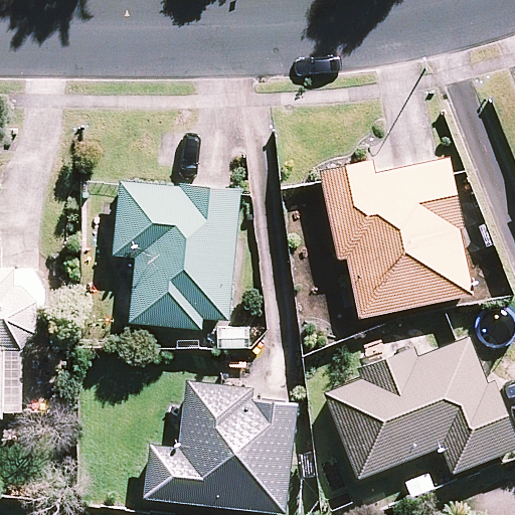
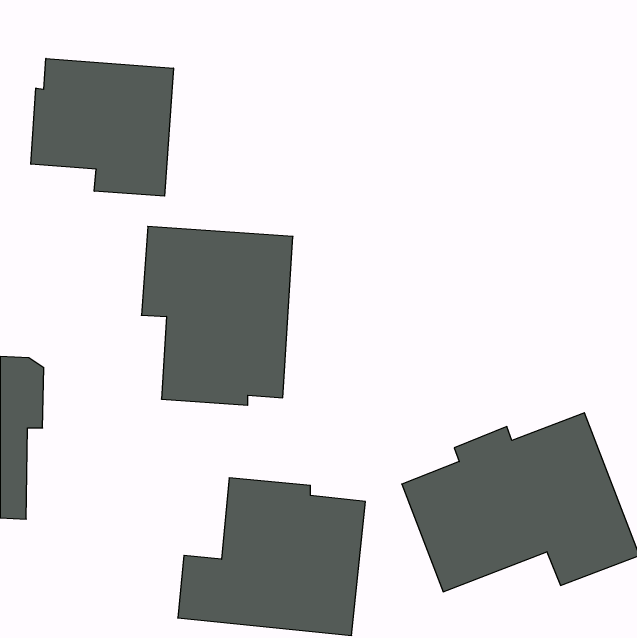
building: none -> [31,58,173,196]
building: [324,156,472,315] -> none

